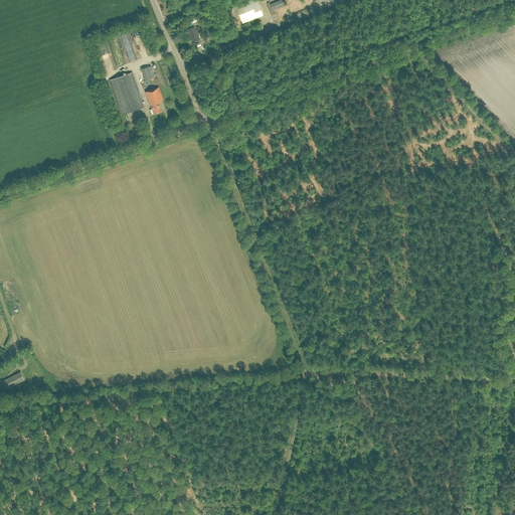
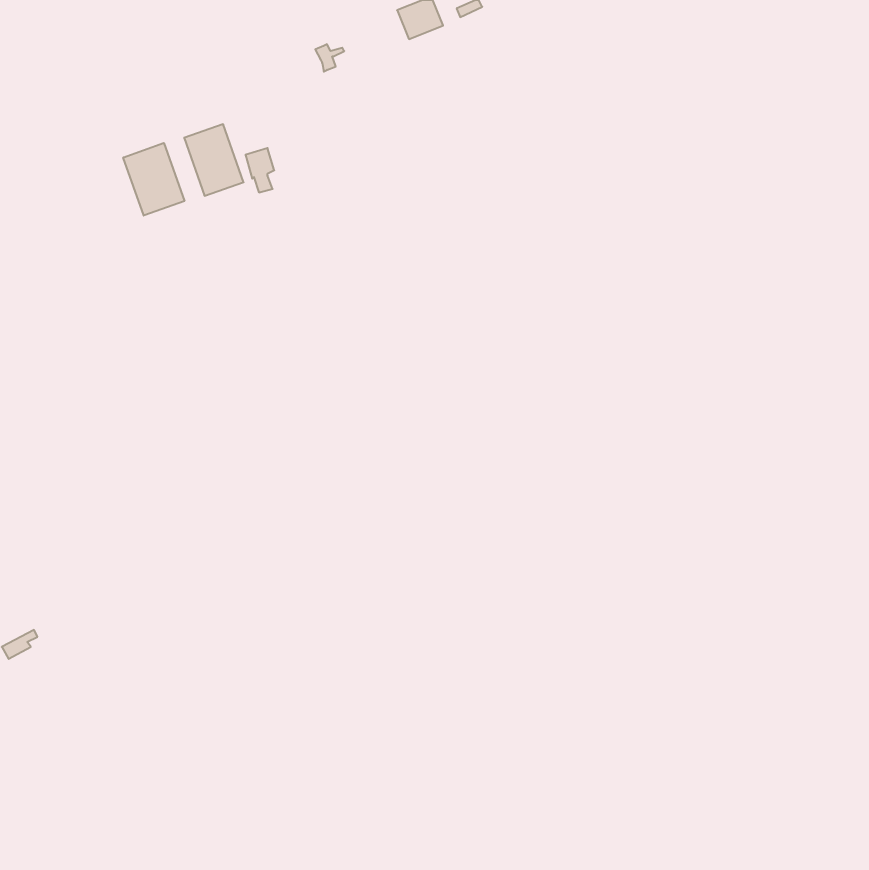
building: none -> [123,143,184,216]

